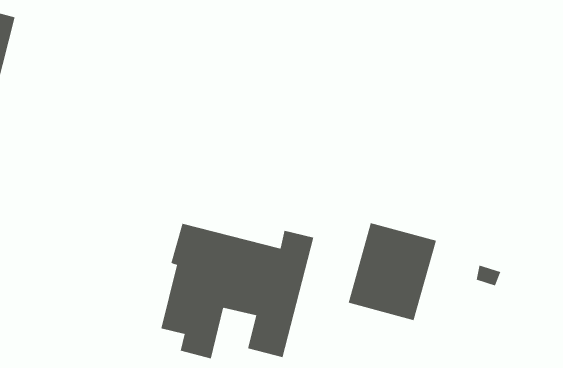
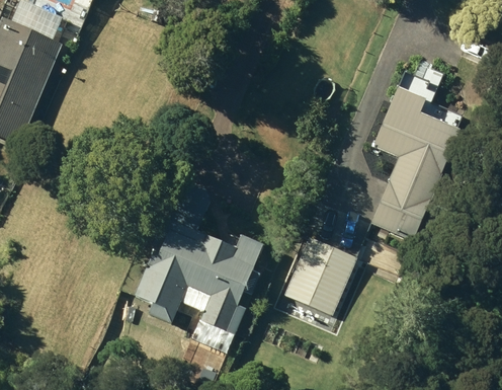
building: none -> [370,84,462,242]

